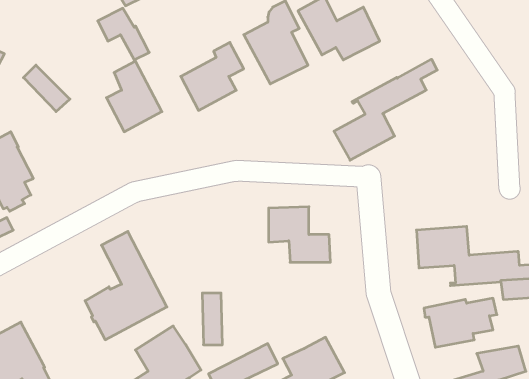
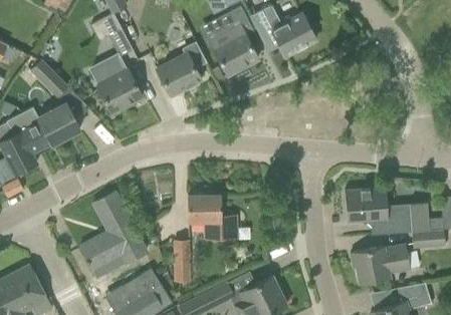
building: [334,59,437,160] -> none
building: none -> [26,102,80,149]
building: [269,207,330,262] -> [188,194,237,238]

